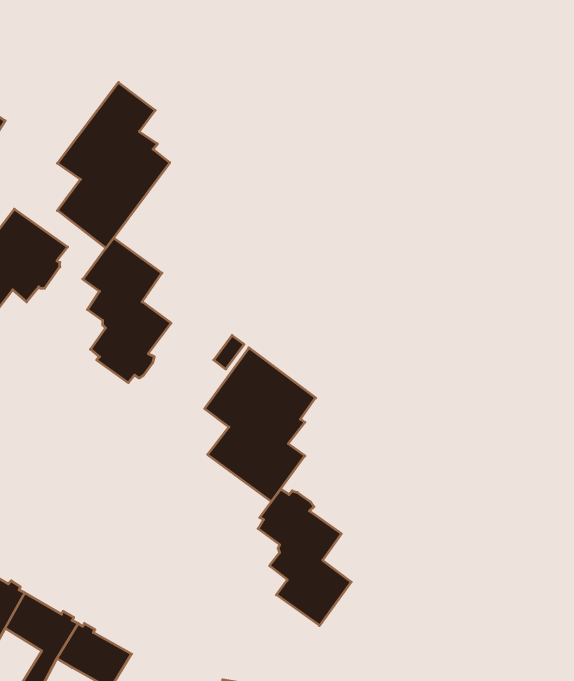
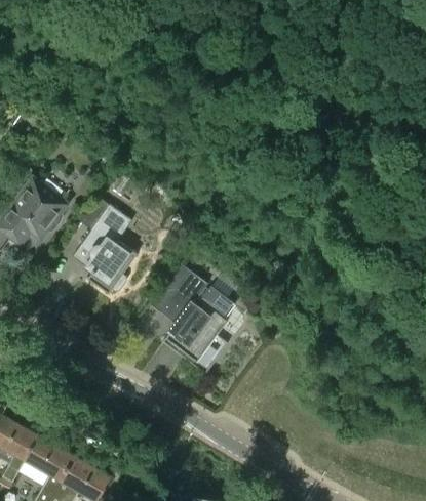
building: [57,82,170,248] -> none
building: [258,489,351,626] -> none

